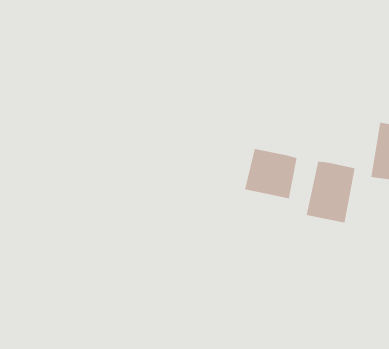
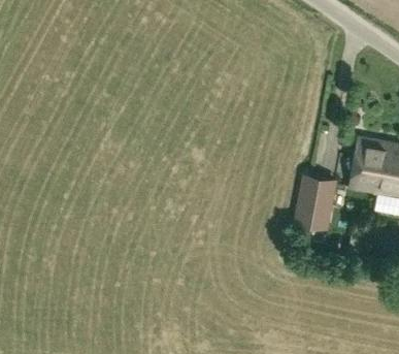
building: [245,148,297,199] -> none

